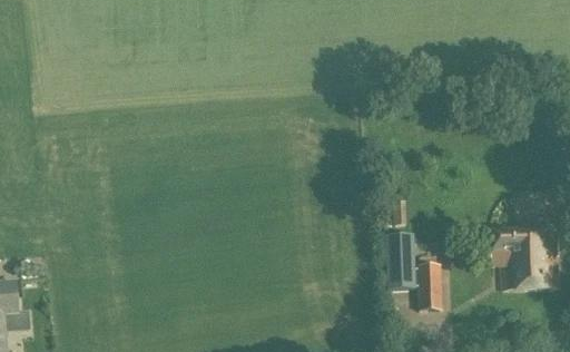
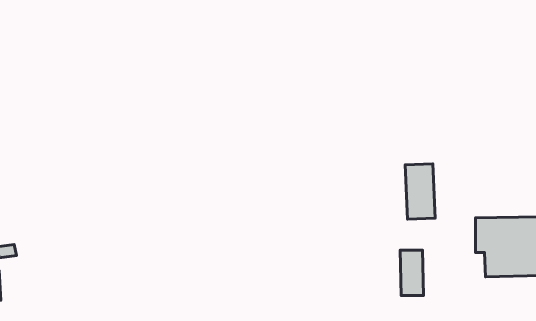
building: [385,233,415,289] -> [405,164,435,219]

